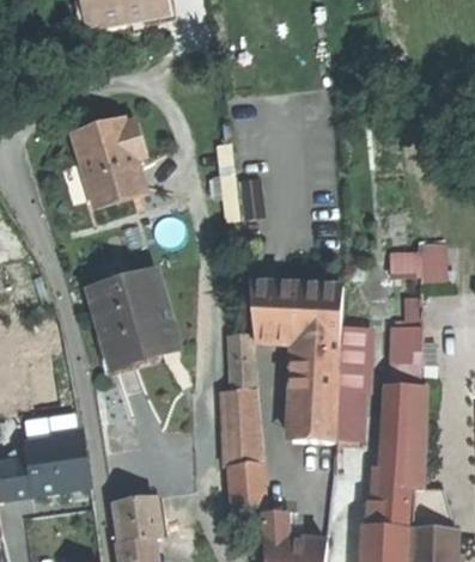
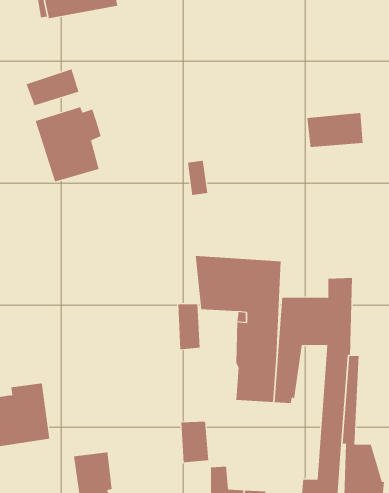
building: none -> [26,69,79,106]
building: [390,242,452,280] -> [306,112,364,148]
building: [86,276,175,365] -> none
building: [227,393,258,466] -> none

